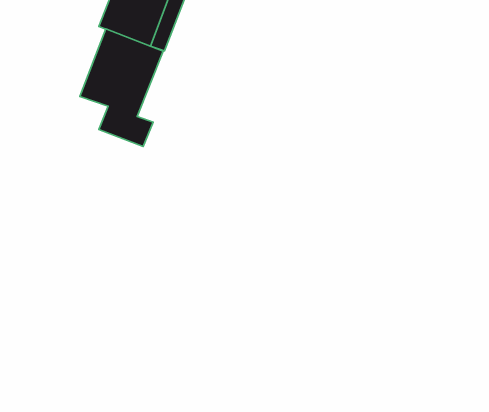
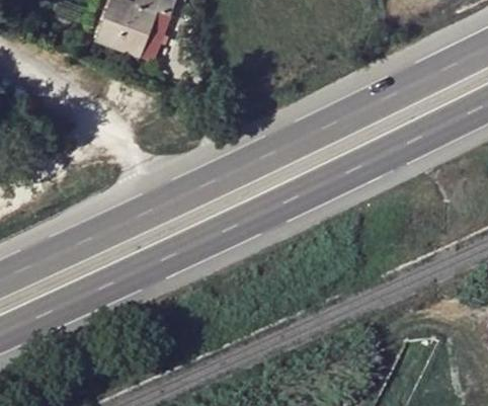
building: [80,29,163,147] -> none

